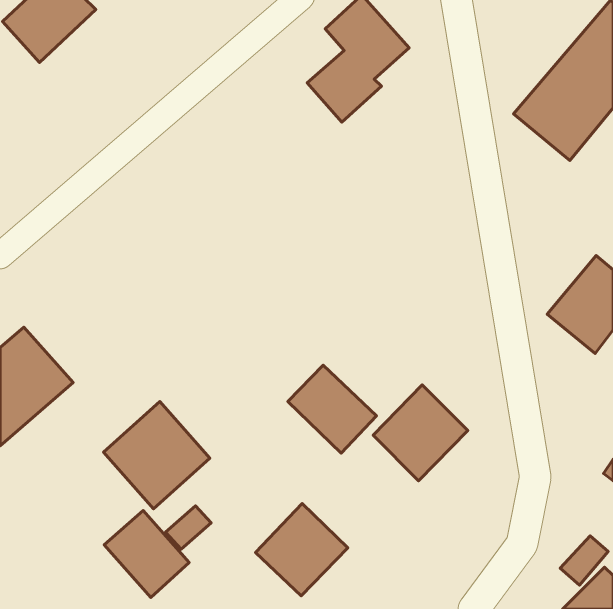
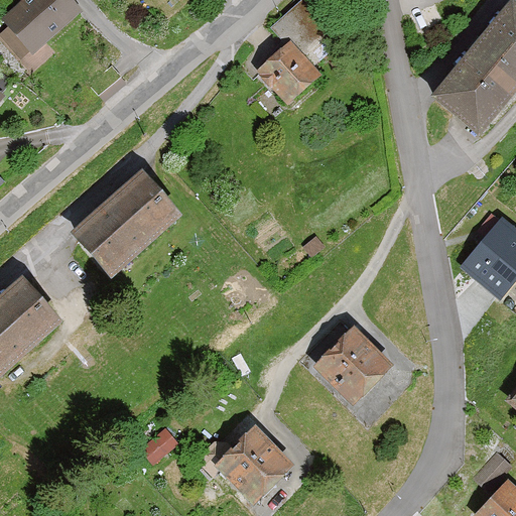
building: none -> [73,170,181,277]
building: [288,365,376,453] -> none
building: [104,401,210,509] -> none
building: [104,510,189,597] -> none

